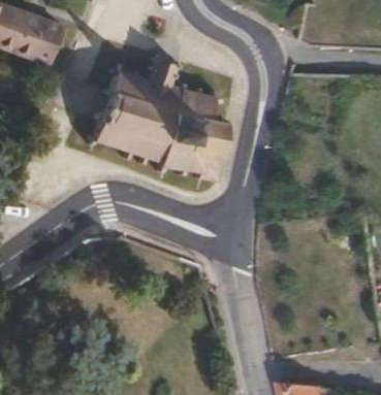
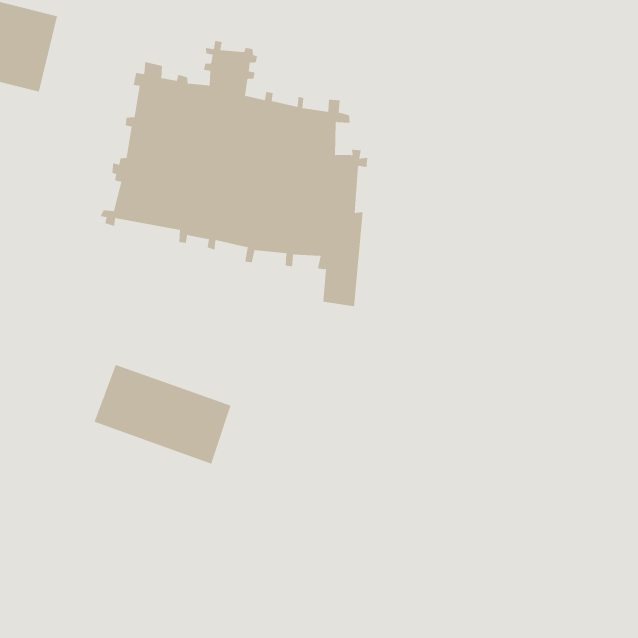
building: none -> [94,364,231,465]

